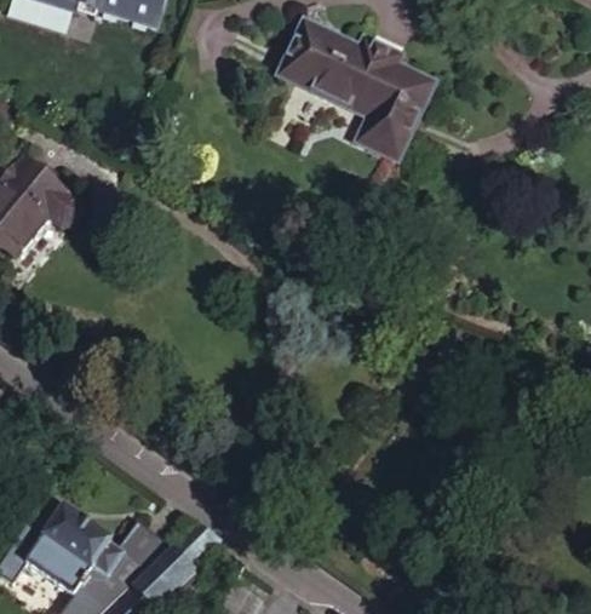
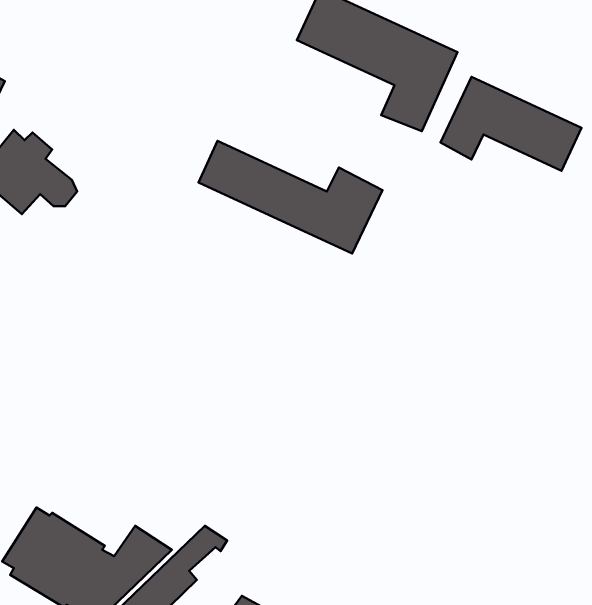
building: none -> [441,77,581,171]
building: none -> [198,141,382,253]

